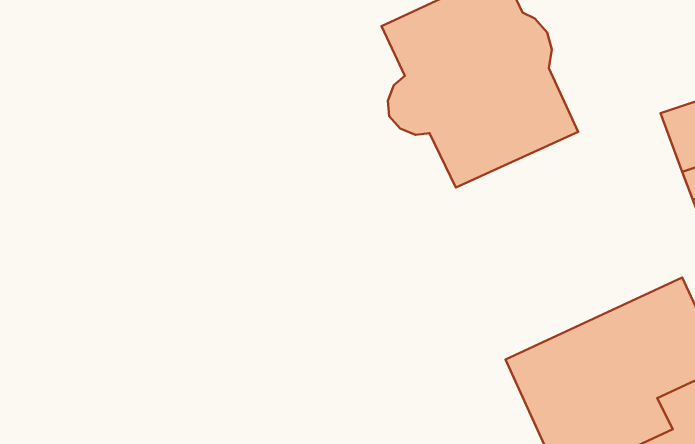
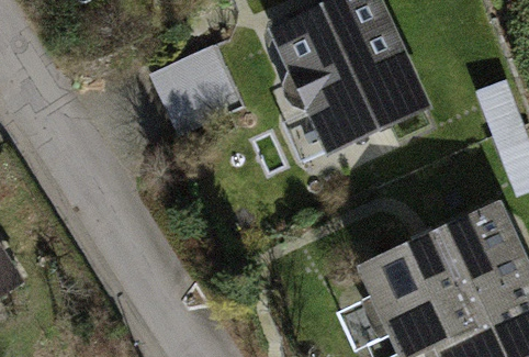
building: none -> [150,42,244,134]

